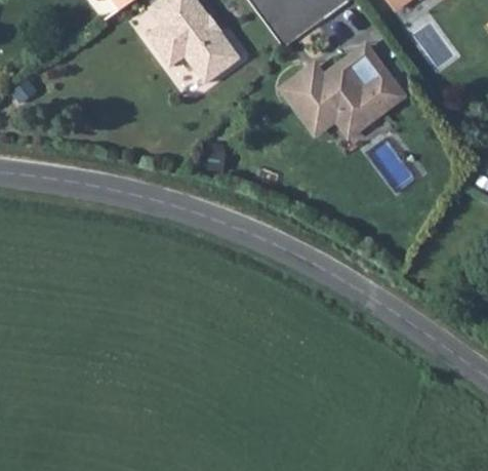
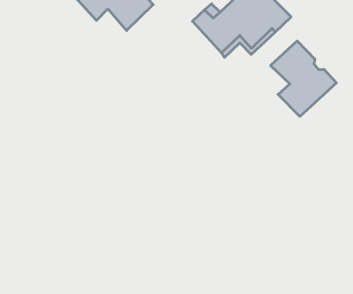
building: none -> [271,41,336,116]

